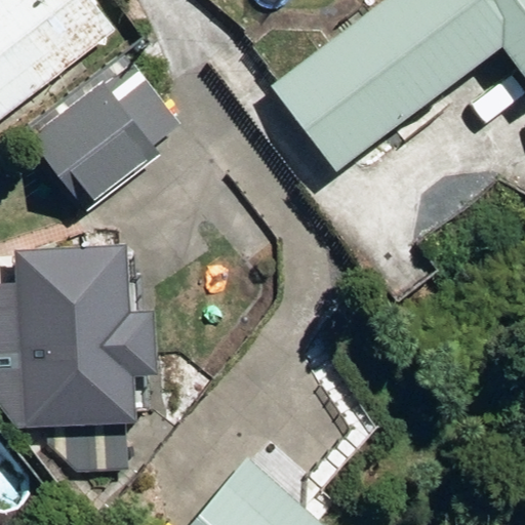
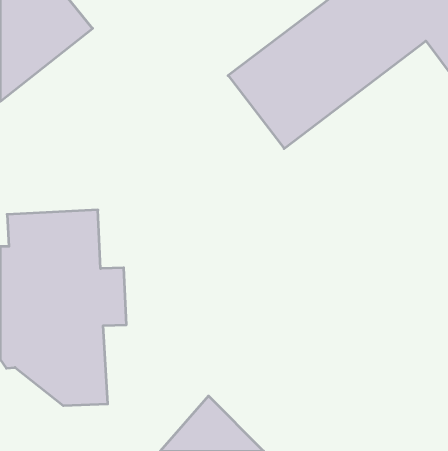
building: [22,50,185,213] -> none

